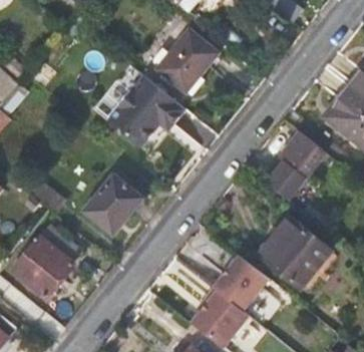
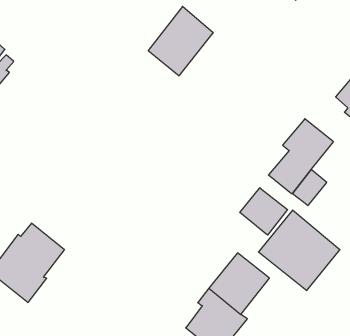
building: [107,76,185,154] -> none
building: [85,175,140,234] -> none
building: none -> [240,188,287,235]

